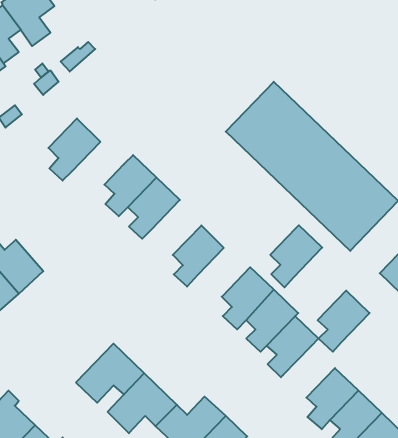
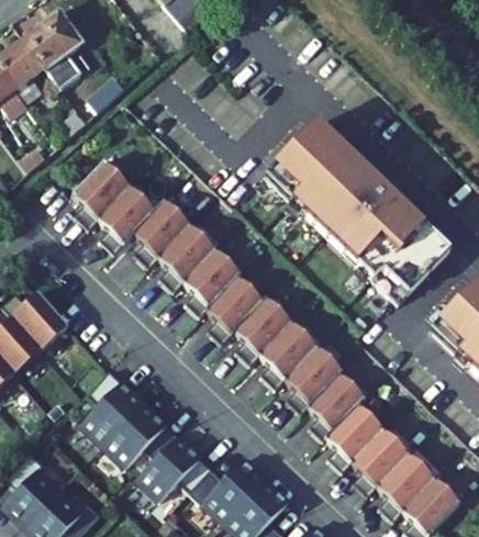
building: none -> [101,184,157,250]
building: none -> [187,247,243,314]
building: [270,225,322,287] -> [237,295,293,362]
building: [318,291,370,352] -> [328,404,385,470]
building: none -> [83,369,146,444]

